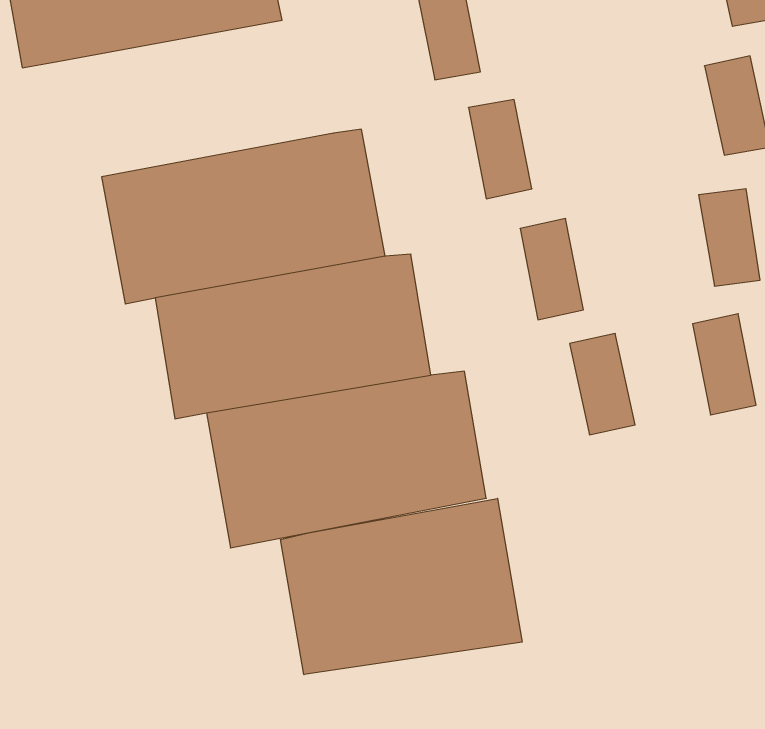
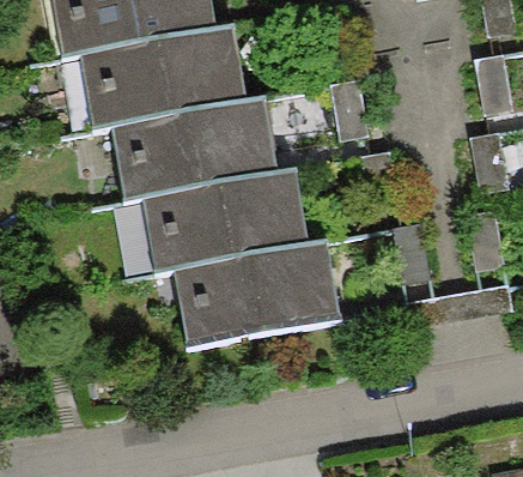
building: none -> [83,30,250,131]
building: [280,498,522,675] -> none

